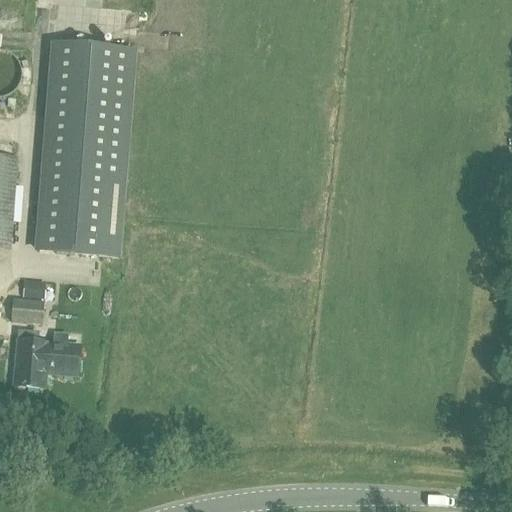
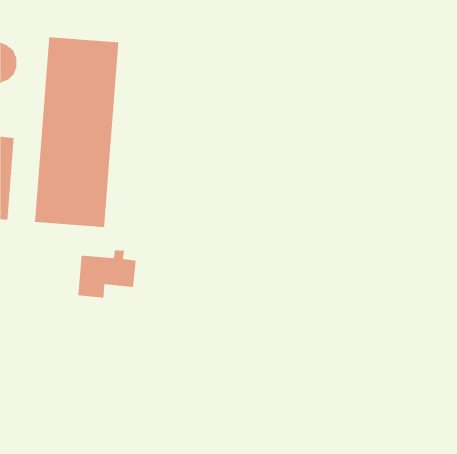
building: [9,278,45,323] -> none
building: [13,332,79,386] -> [77,250,136,298]

